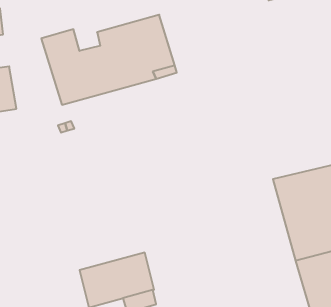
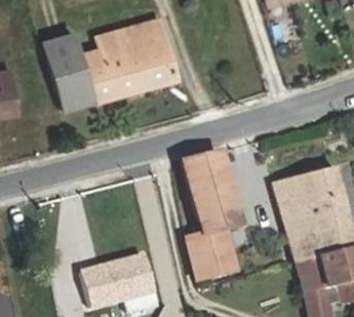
building: none -> [182,152,241,280]

